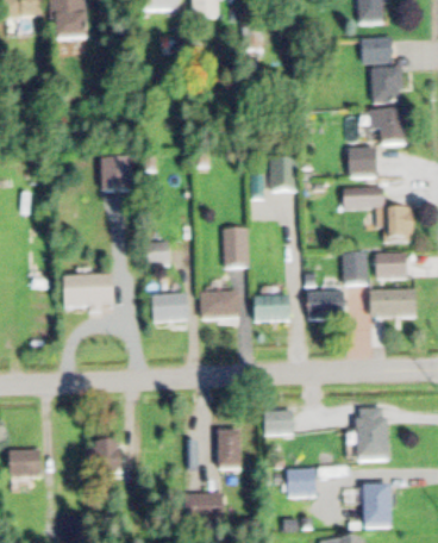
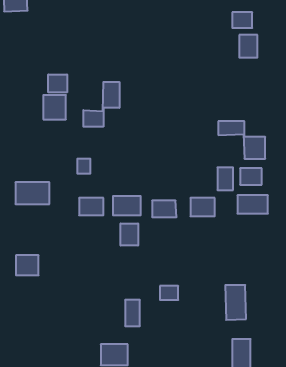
building: [374,110,403,143] -> none
building: none -> [48,74,67,92]
building: none -> [83,82,119,127]
building: [349,149,373,175] -> none
building: [273,155,295,188] -> none
building: [226,225,249,264] -> none
building: none -> [121,223,138,246]
building: [88,439,119,467] -> [16,255,39,275]
building: [286,470,312,494] -> none

